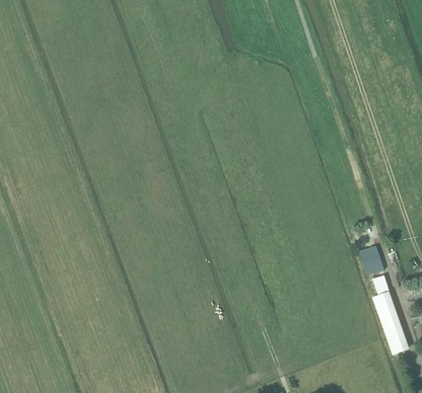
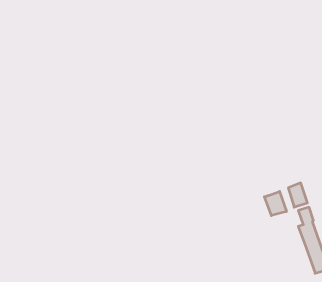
building: none -> [264,191,286,216]

